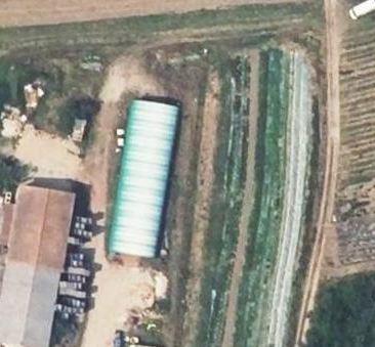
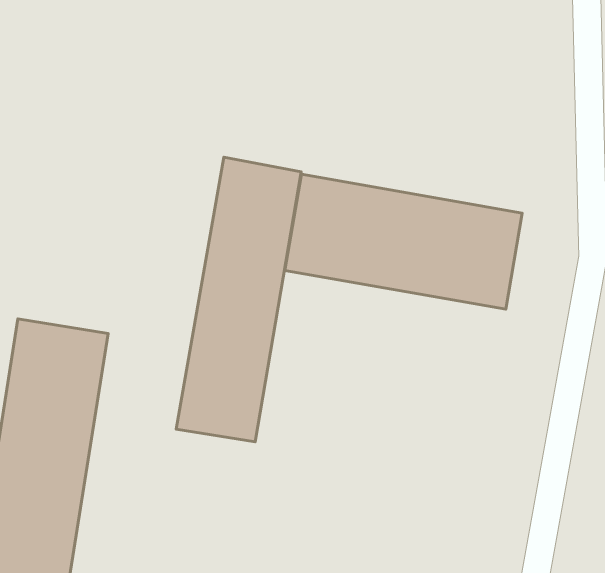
building: none -> [285,174,522,309]

